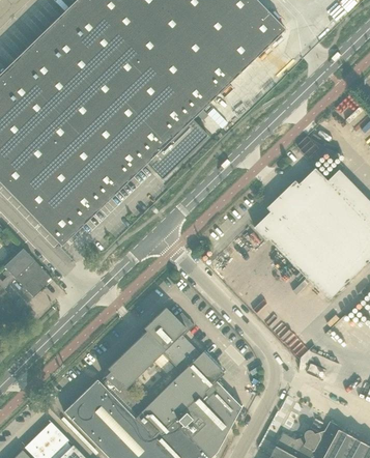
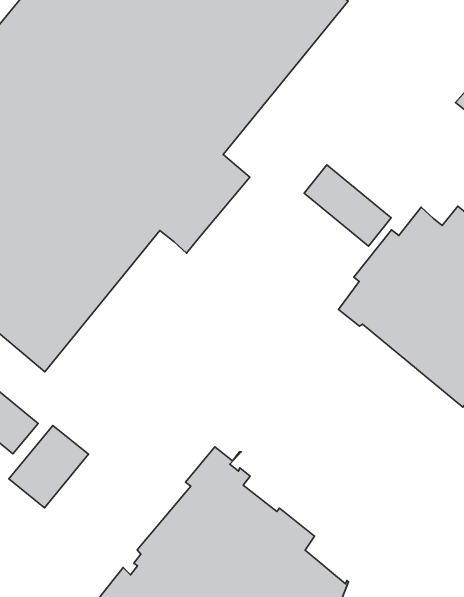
building: none -> [304,165,391,246]
building: none -> [9,425,89,508]

